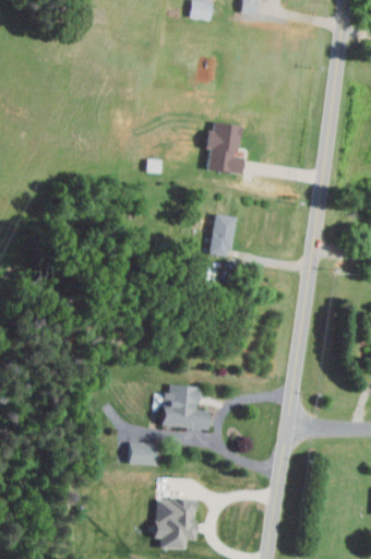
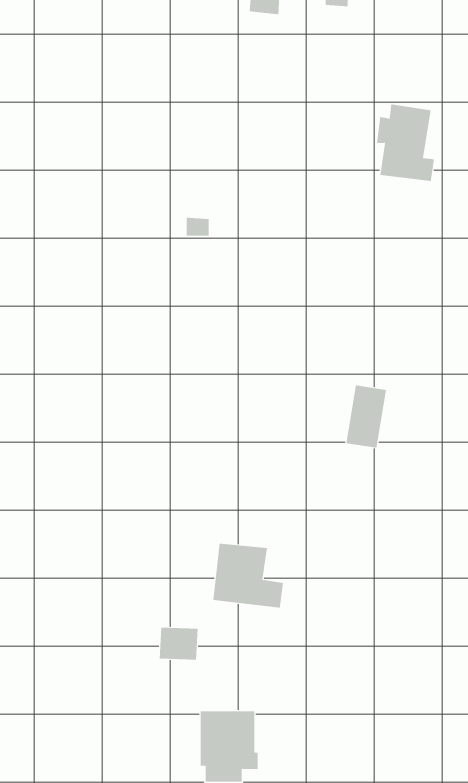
building: [205,121,246,175] -> [376,104,435,181]
building: [211,213,239,257] -> [346,385,387,448]

